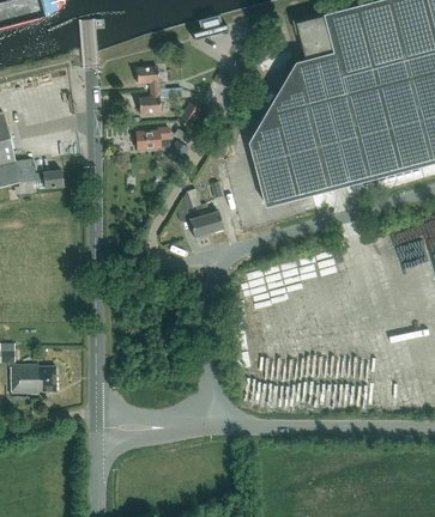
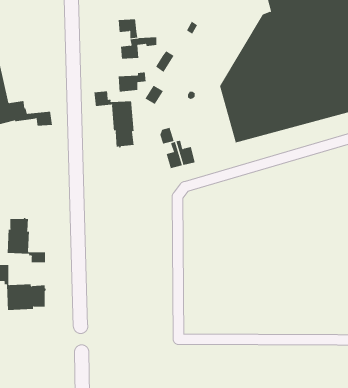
building: none -> [94,90,134,148]
building: none -> [7,217,46,263]

